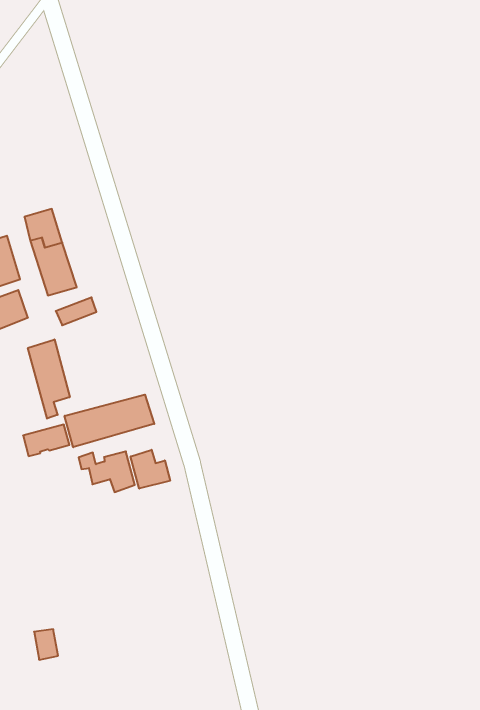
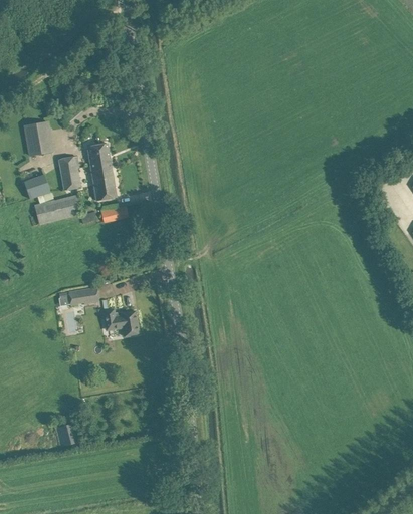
building: [28,339,70,419] -> none
building: [65,395,154,447] -> none
building: [131,450,170,489] -> none

